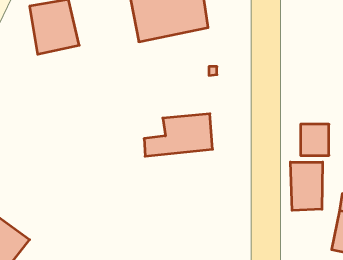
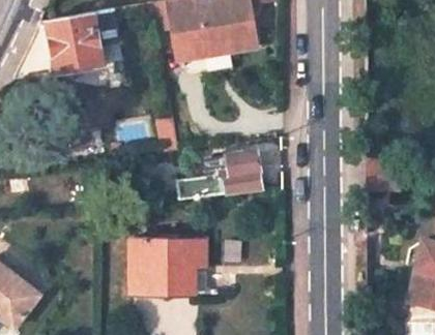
building: [290,162,323,210] -> none
building: none -> [137,241,206,296]

